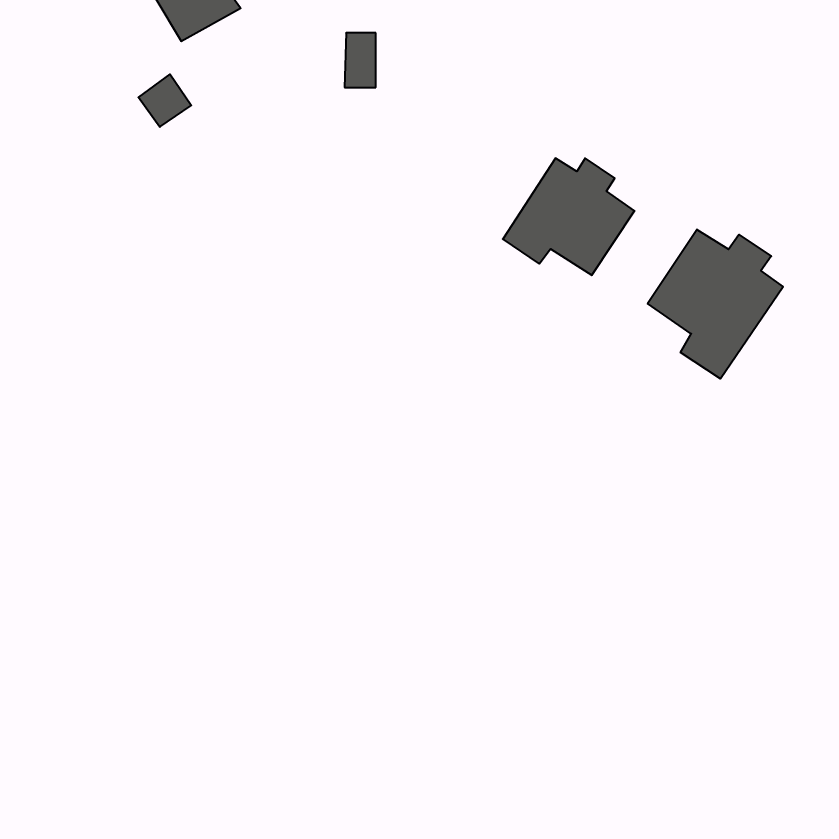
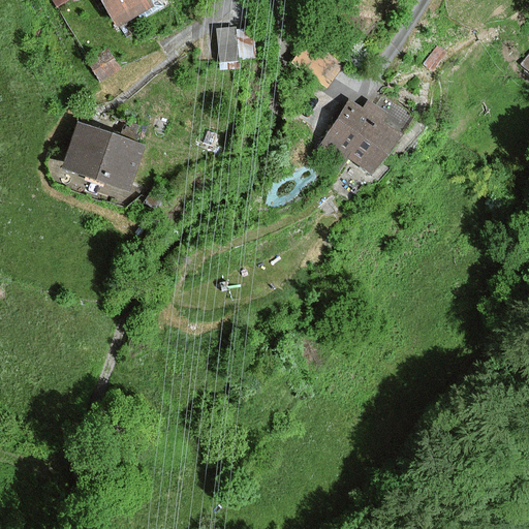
building: none -> [63,122,143,189]
building: [648,229,783,379] -> none

